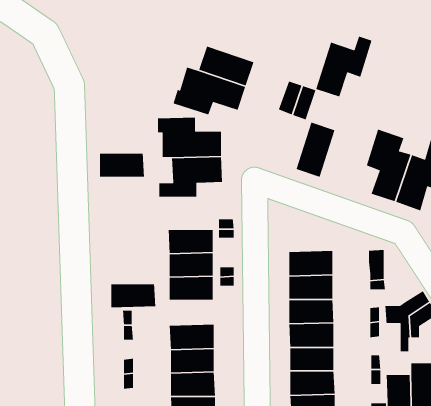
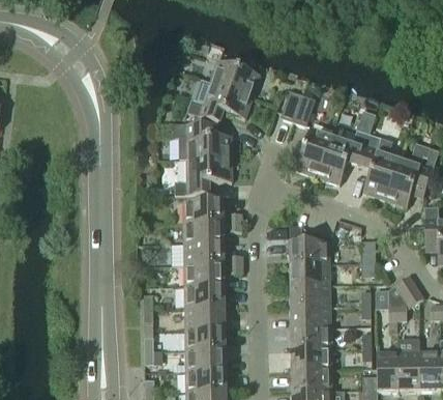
building: [315,36,373,98] -> [318,128,368,183]
building: [99,153,145,177] -> [183,200,224,222]
building: [110,284,156,308] -> [184,285,225,307]

